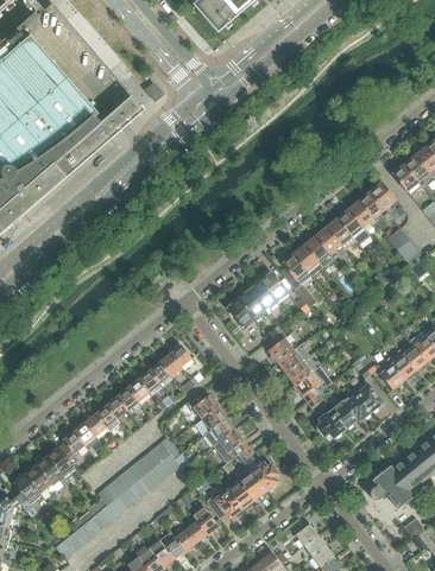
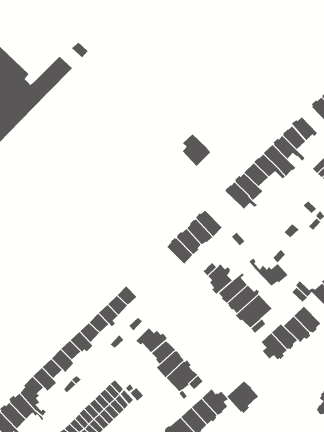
building: [279,254,310,290] -> [182,133,211,167]
building: none -> [248,258,289,287]
building: none -> [226,380,259,414]

